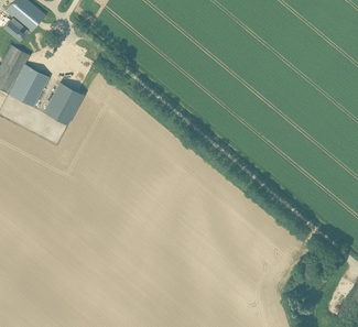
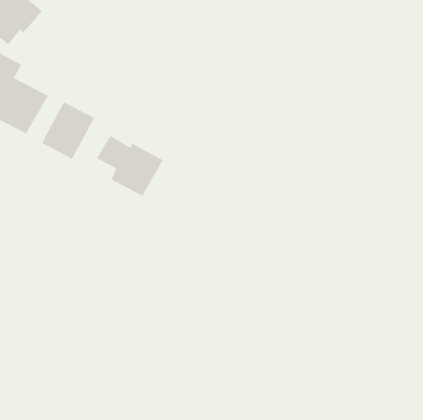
building: none -> [96,135,163,197]

